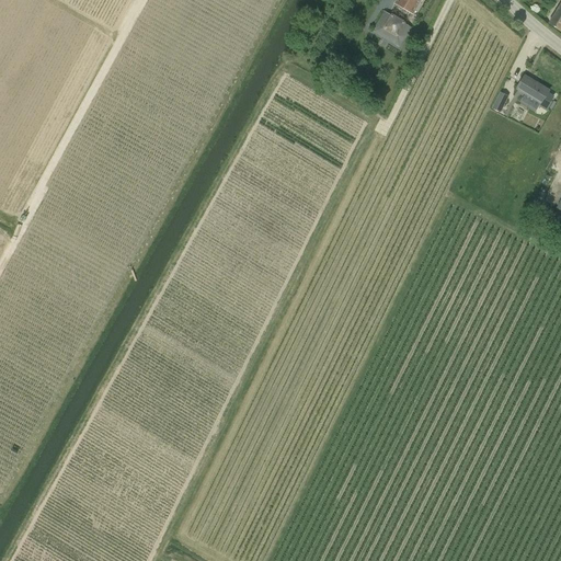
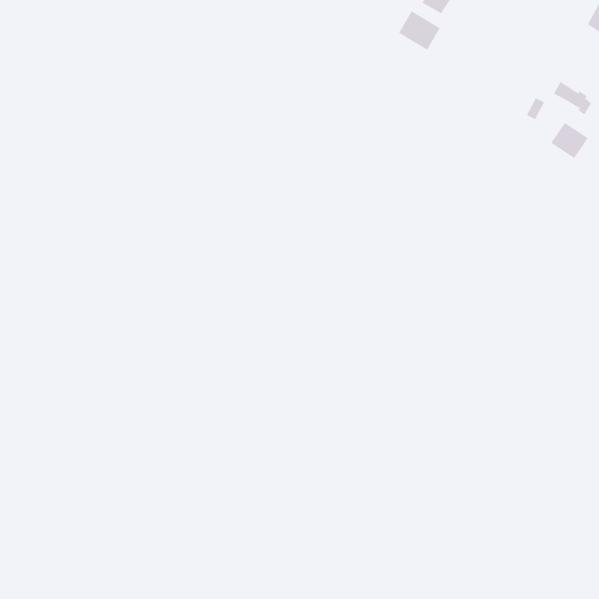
building: none -> [551,122,588,159]

